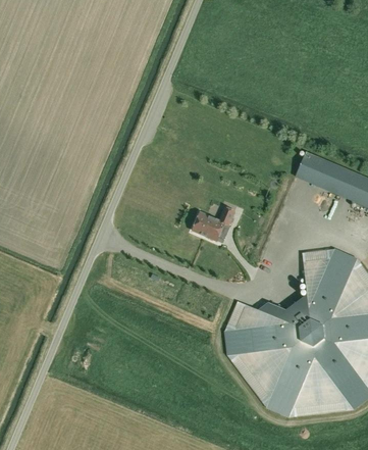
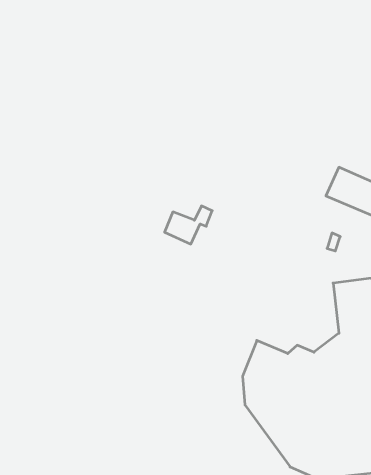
building: [194,207,234,240] -> [165,206,212,244]

